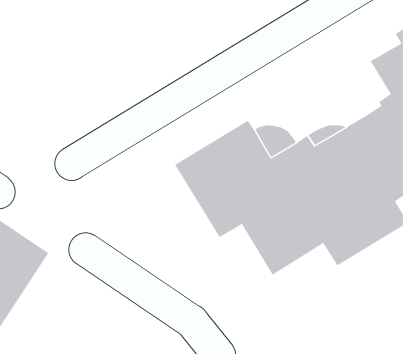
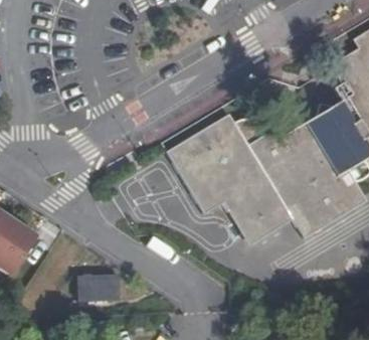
building: none -> [78,277,121,305]

